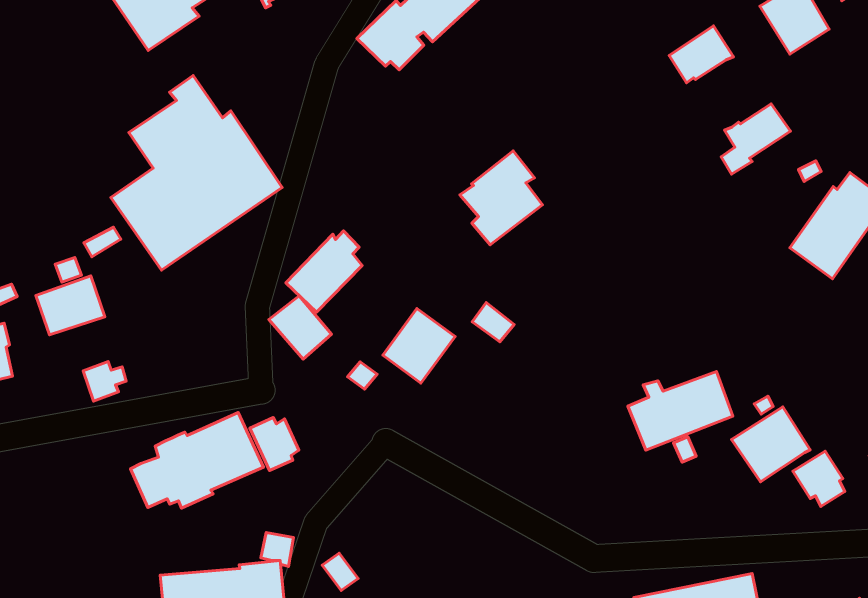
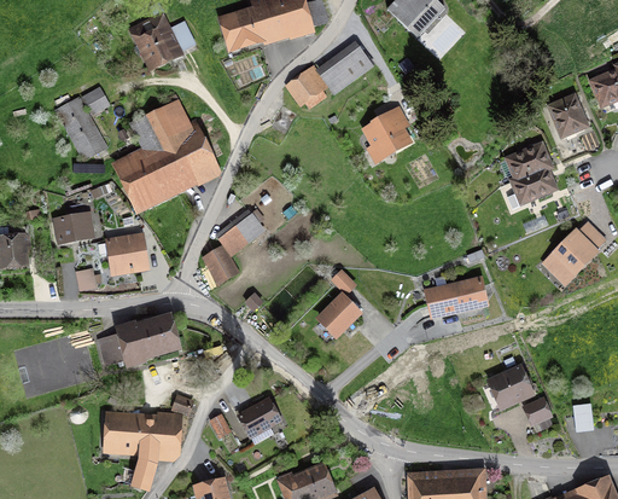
building: [669,26,733,83] -> [508,145,549,179]
building: none -> [54,85,111,161]
building: [460,151,542,245] -> [361,105,413,163]
building: none -> [97,231,150,277]
building: [383,308,455,383] -> [314,291,362,340]
building: [628,372,733,450] -> [422,275,489,319]
building: [250,418,299,471] -> none
building: none -> [237,396,282,442]

